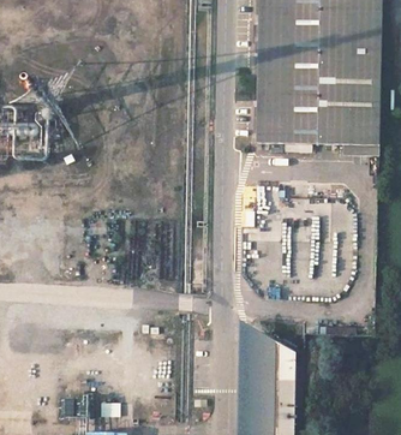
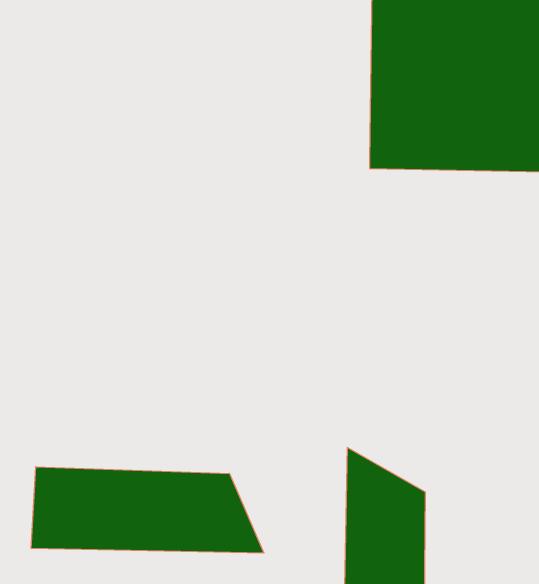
building: none -> [31,467,264,553]

